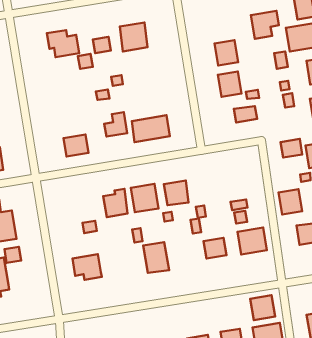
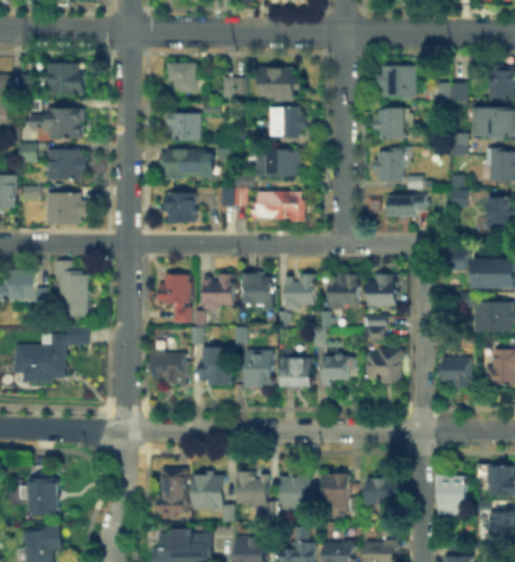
building: none -> [382,69,417,96]
building: none -> [265,108,299,136]
building: none -> [169,114,201,141]
building: none -> [254,149,306,175]
building: none -> [164,151,208,179]
building: none -> [329,274,357,304]
building: [279,189,302,214] -> [369,279,395,307]
building: none -> [166,273,187,304]
building: none -> [282,359,311,387]
building: none -> [201,350,229,384]
building: [250,295,275,320] -> none

